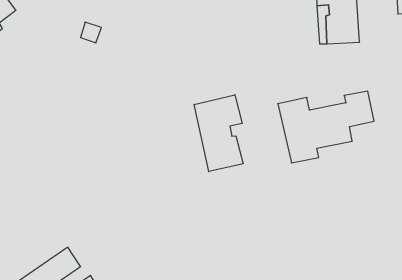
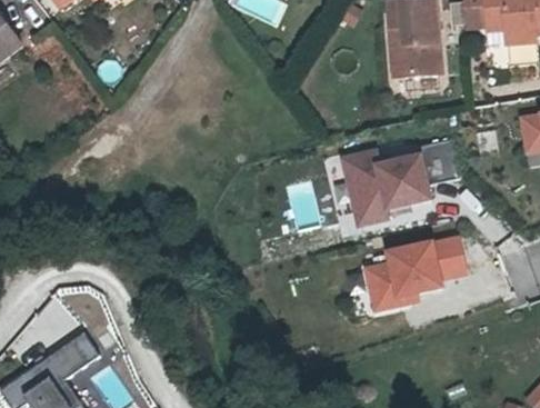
building: [194,95,243,172] -> none
building: none -> [362,235,470,312]

